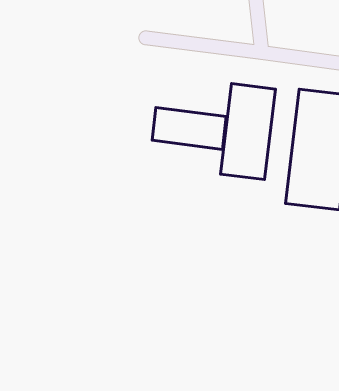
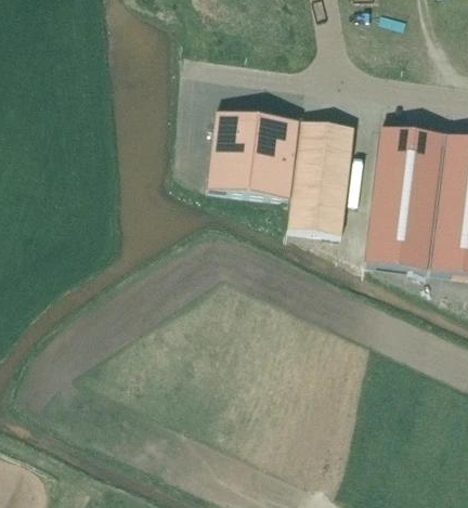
building: none -> [212,109,300,158]

